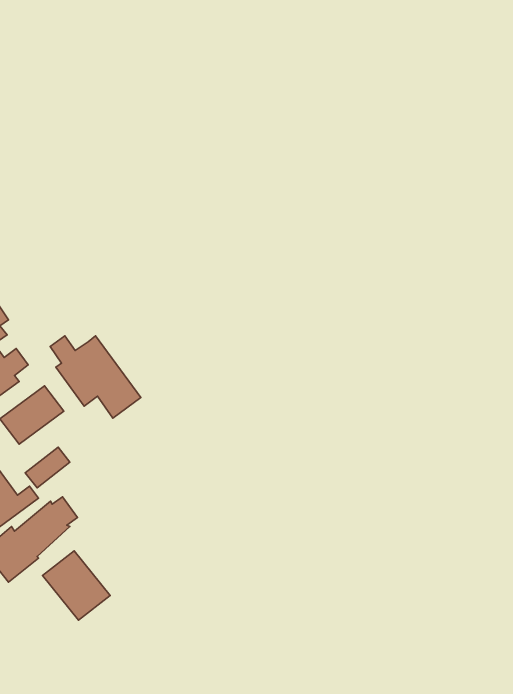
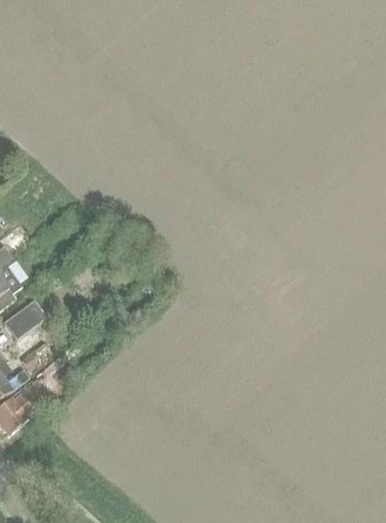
building: [50,336,141,418] -> none
building: [42,551,110,620] -> none

